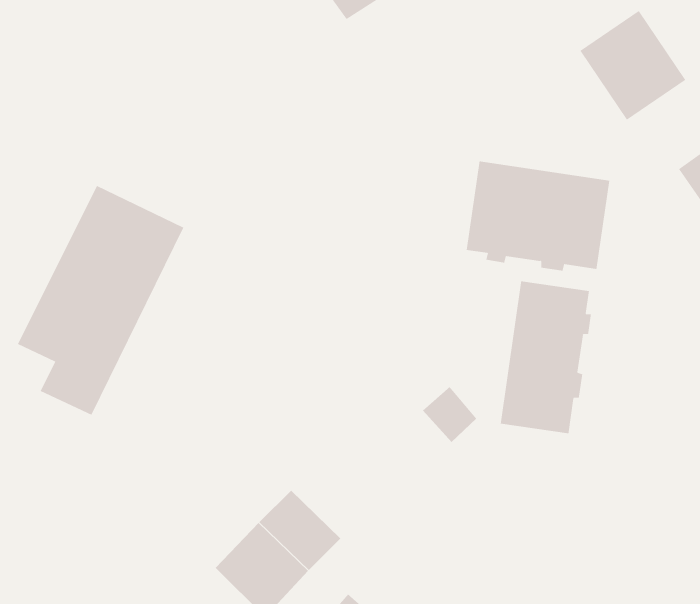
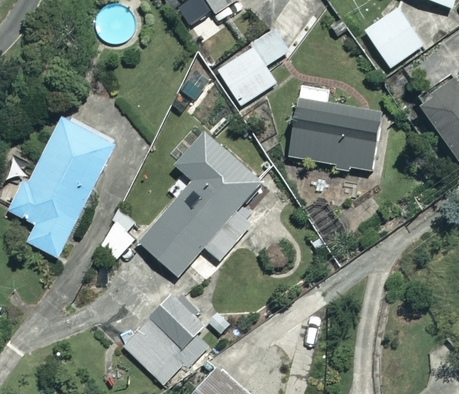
building: none -> [218,48,275,105]
building: none -> [137,130,261,276]
building: [500,280,591,434] -> none

